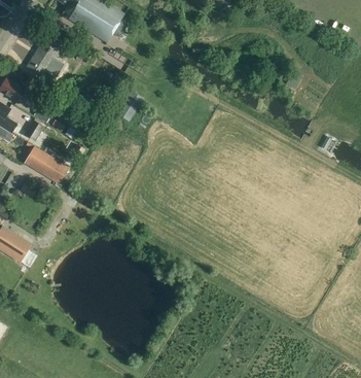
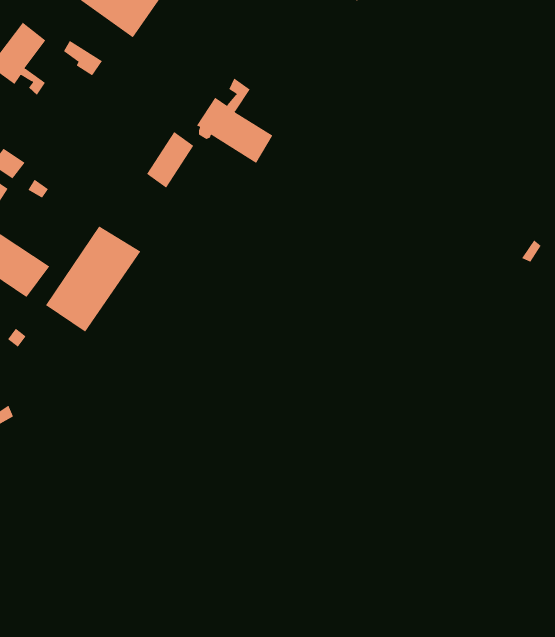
building: none -> [196,78,273,164]
building: none -> [45,225,141,332]

